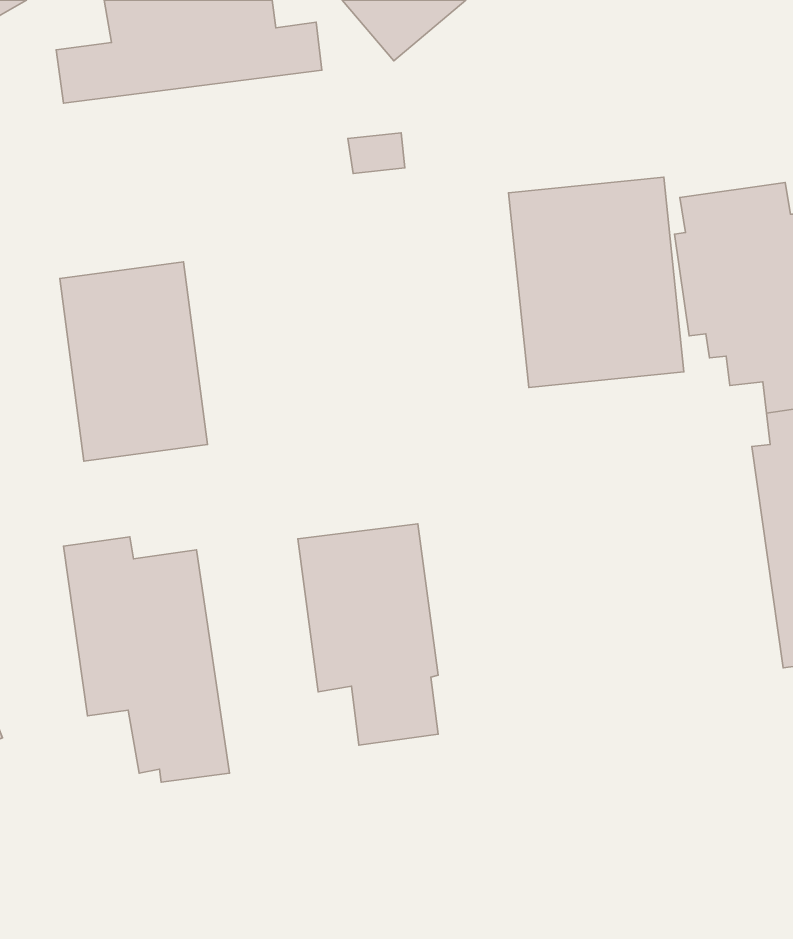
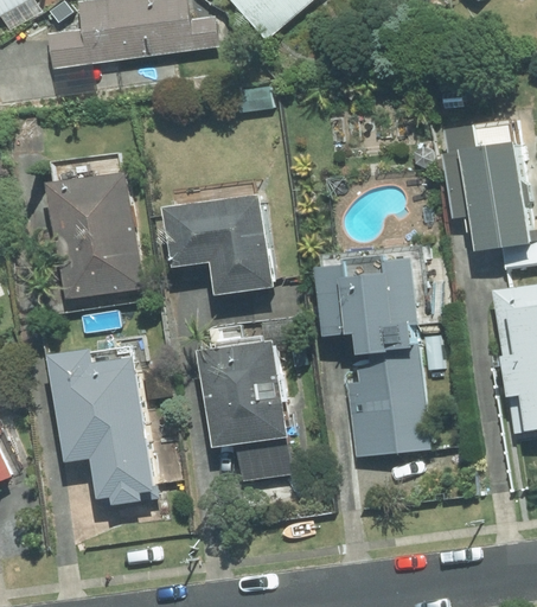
building: [509,177,684,387] -> none
building: none -> [166,193,276,295]
building: none -> [315,257,428,458]

